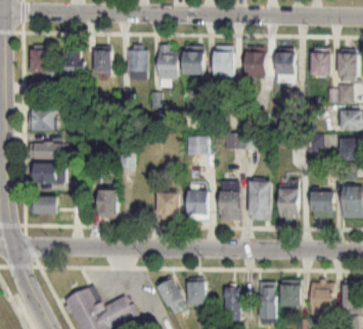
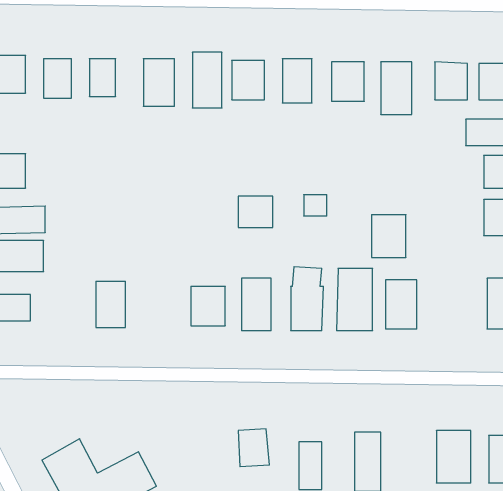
building: [311,190,332,217] -> [372,215,406,257]
building: [156,278,185,314] -> none
building: [280,283,300,304] -> none

